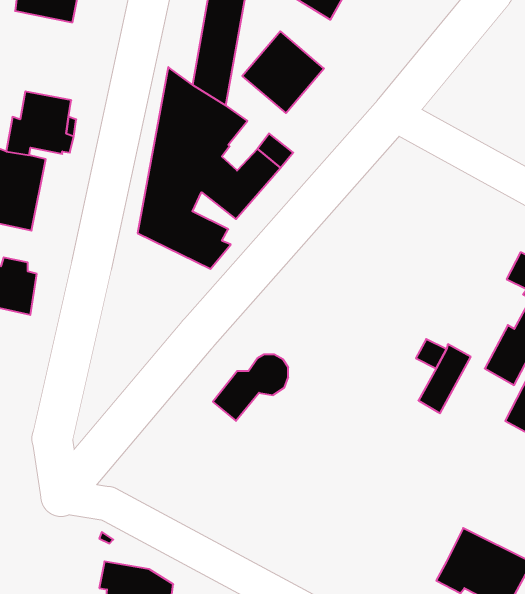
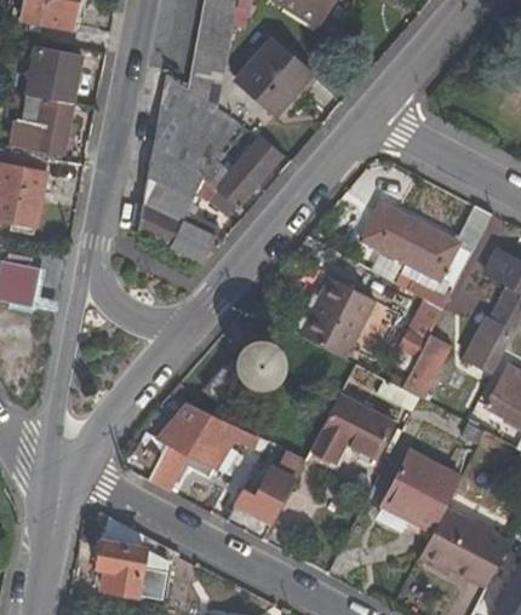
building: none -> [25,46,80,103]
building: none -> [359,202,492,287]
building: none -> [299,276,378,360]
building: none -> [310,395,394,464]
building: none -> [148,403,256,493]
building: none -> [379,450,459,540]
building: none -> [229,453,305,542]

